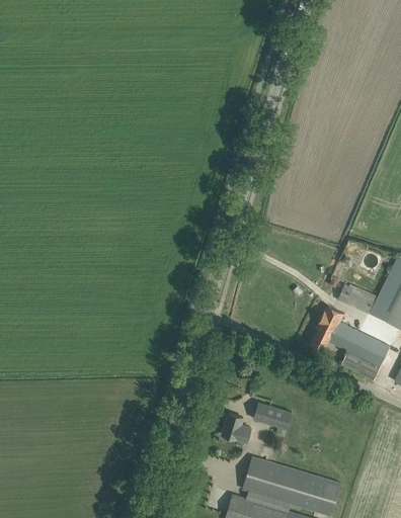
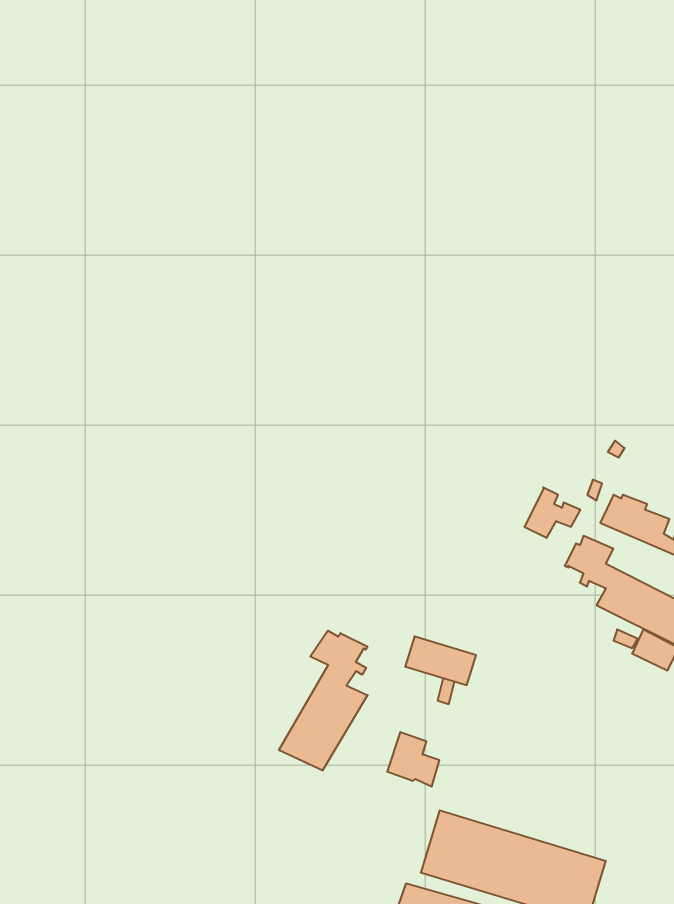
building: [311,324,341,351] -> [524,487,580,538]
building: none -> [279,631,368,771]
building: [254,404,293,430] -> [405,636,476,685]

